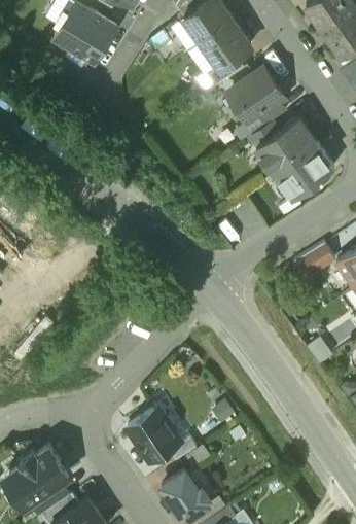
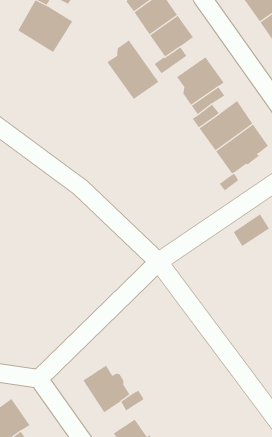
building: none -> [107,39,159,100]

